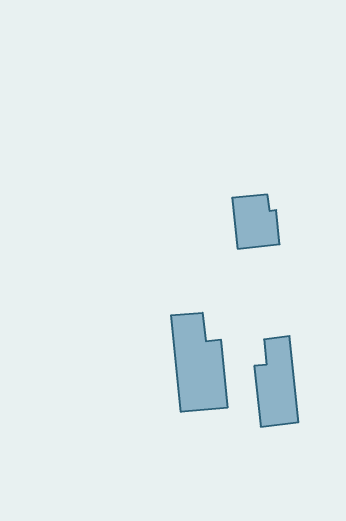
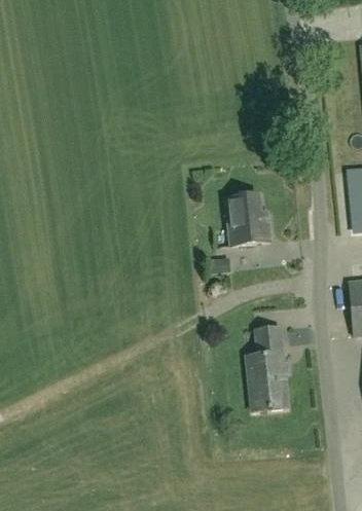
building: [171,313,227,412] -> none

